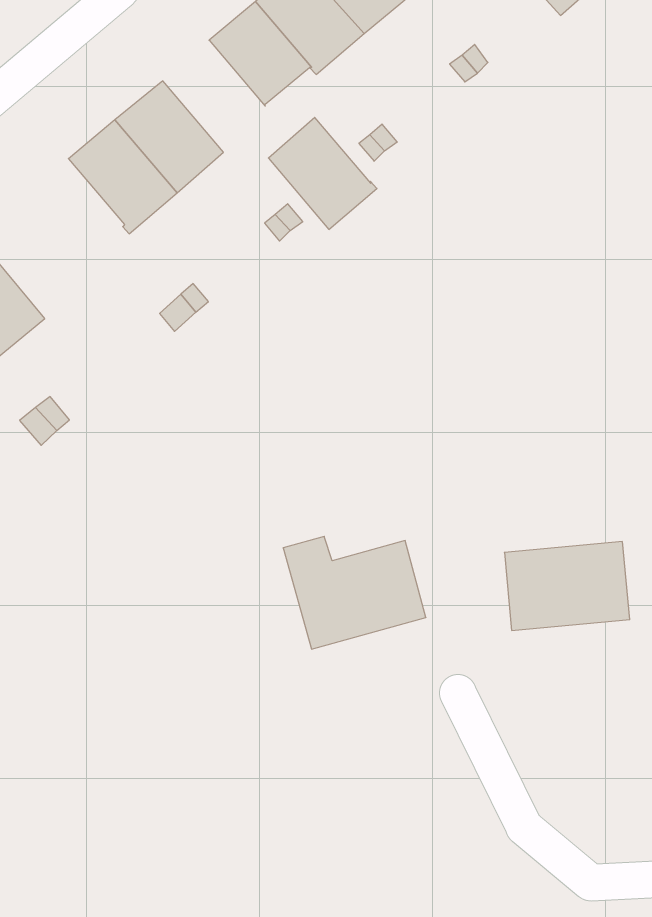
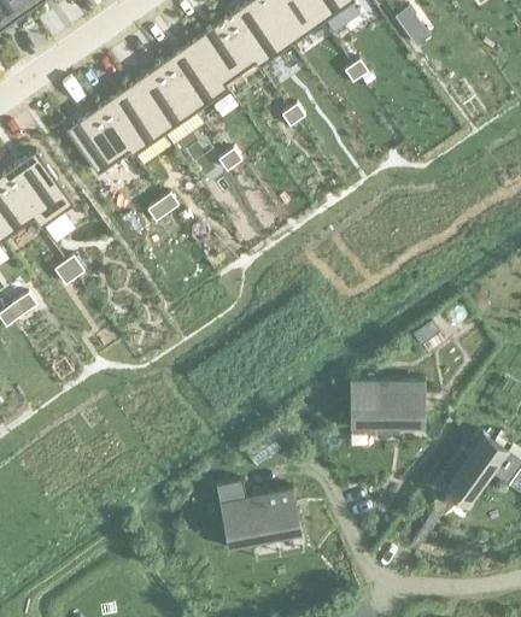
building: [268,117,377,229] -> [163,40,229,111]
building: none -> [66,106,130,174]
building: [283,536,426,649] -> [216,478,302,548]

